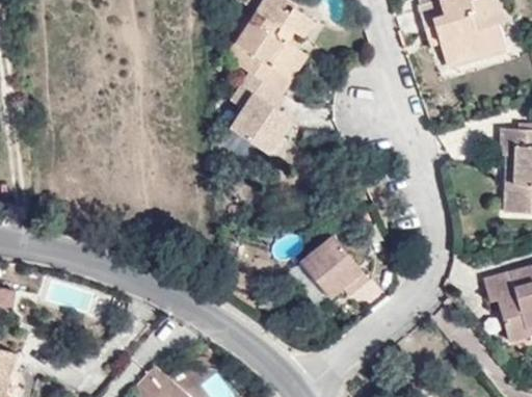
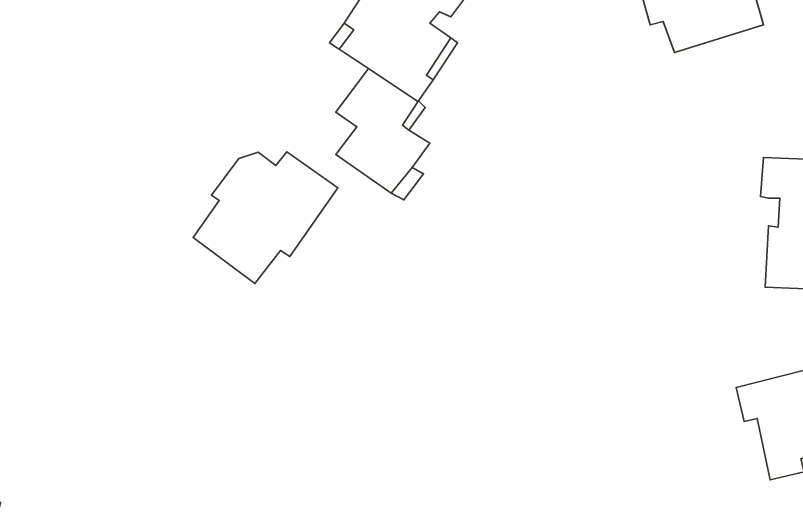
building: none -> [193,152,338,284]
building: [300,236,367,298] -> none

